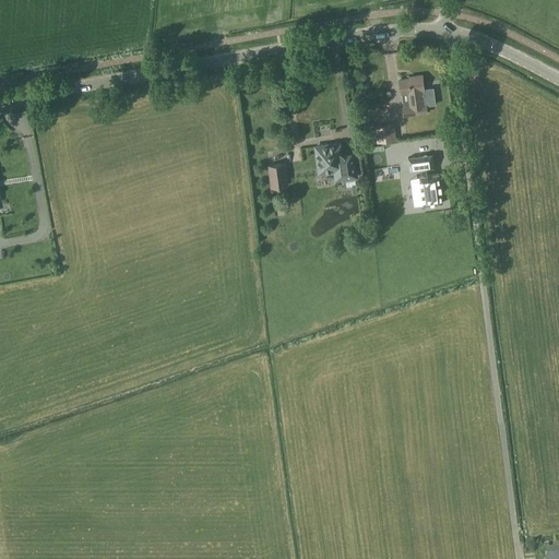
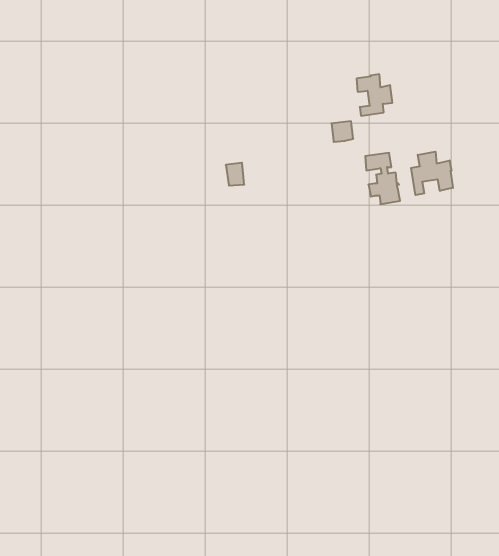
building: [318,143,356,179] -> none
building: none -> [411,152,453,195]

